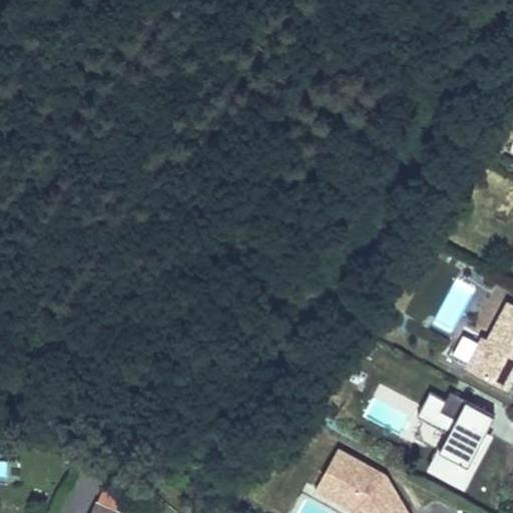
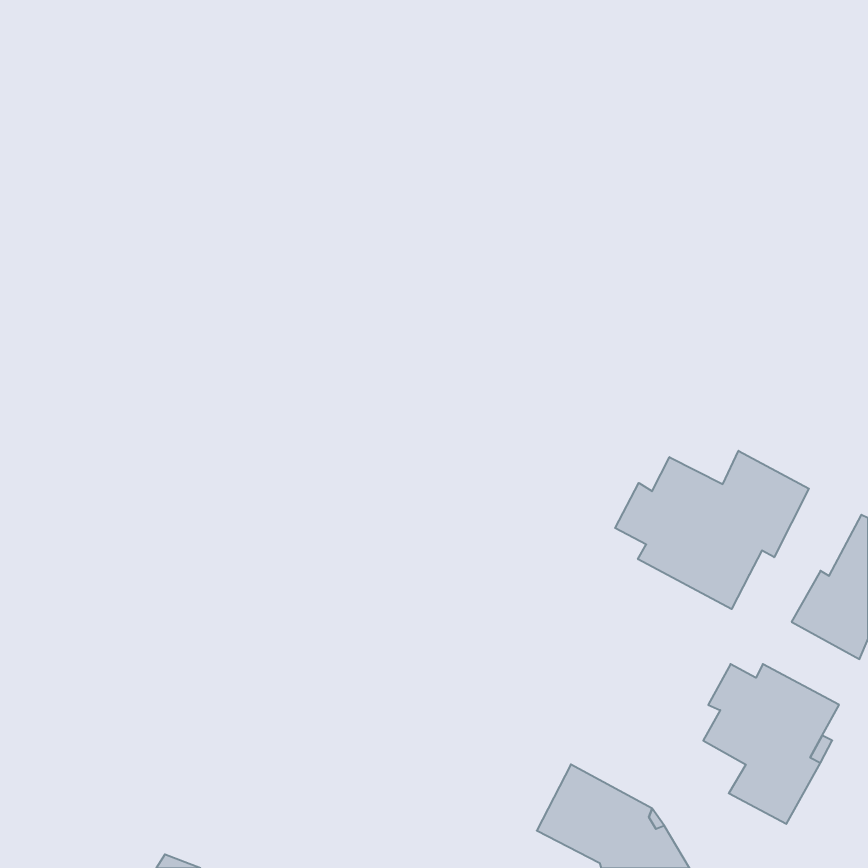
building: none -> [615,451,809,609]

